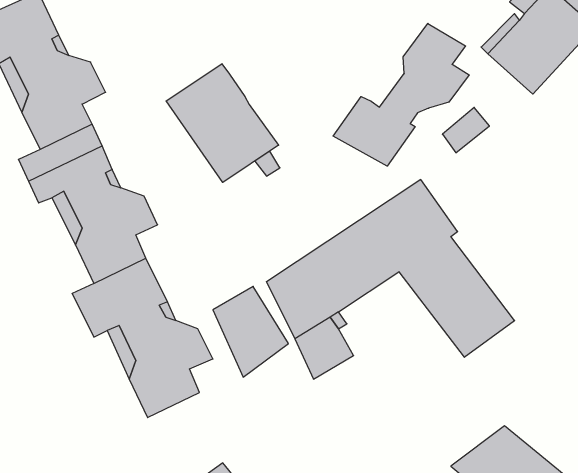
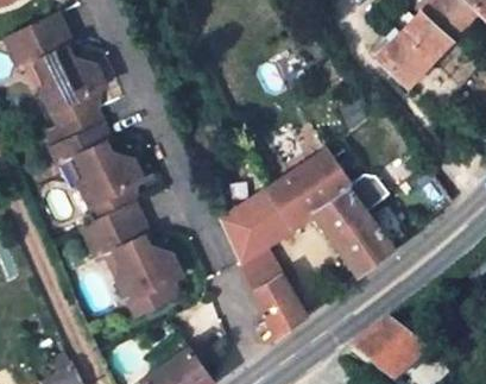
building: [333,23,469,166] -> none
building: [166,64,279,182] -> none
building: [213,286,288,377] -> [252,272,305,336]

